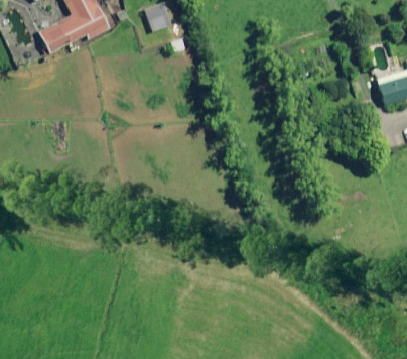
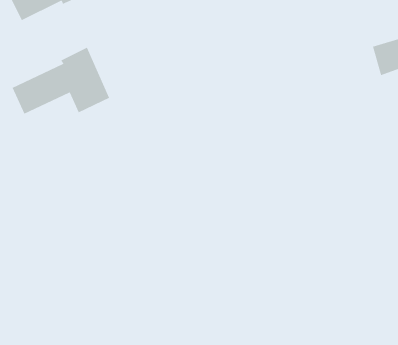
building: none -> [12,47,110,115]

